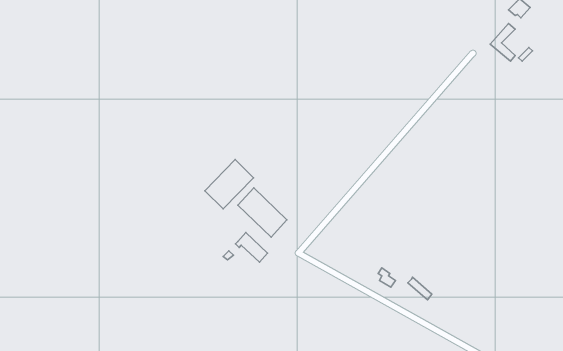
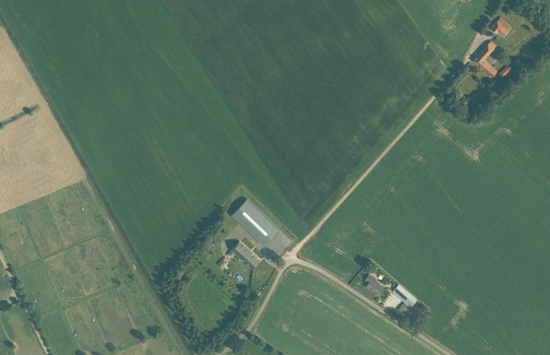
building: [205,159,253,209] -> none

